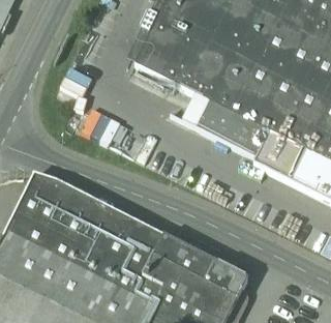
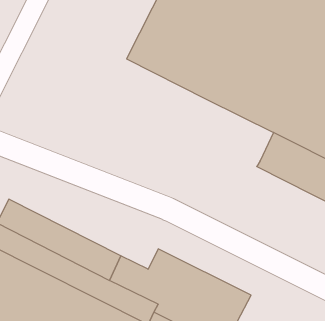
building: [195,99,269,155] -> none
building: [27,175,163,255] -> none

